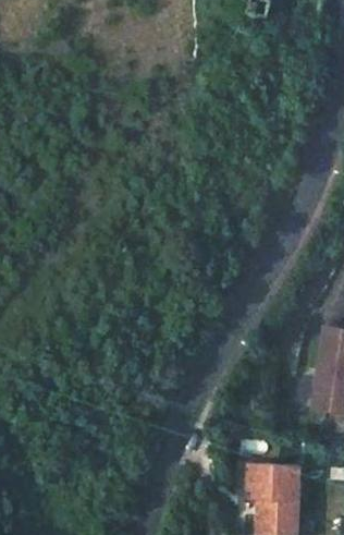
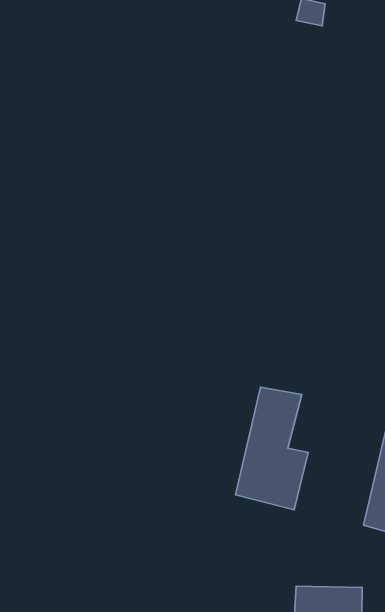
building: none -> [235,387,308,510]

